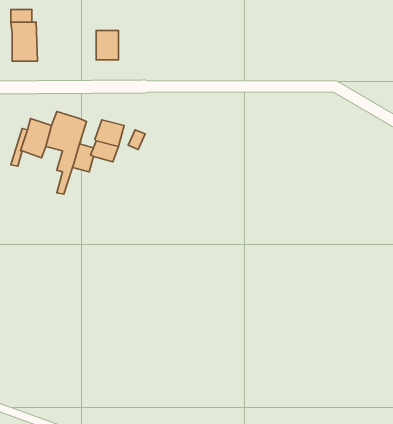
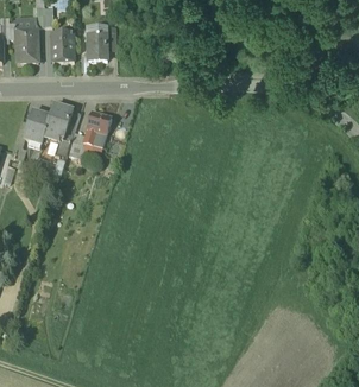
building: none -> [52,30,75,61]

